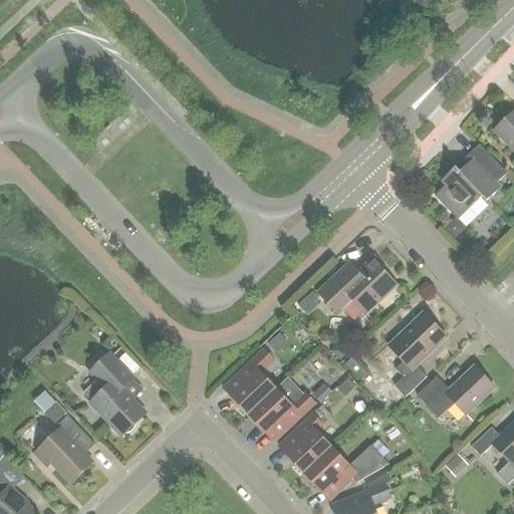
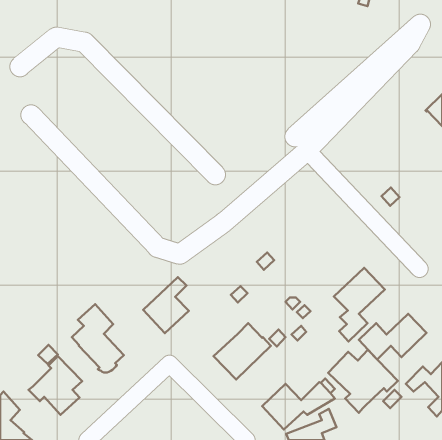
building: [434,148,507,219] -> none
building: [317,259,400,320] -> none
building: [223,348,276,414] -> [143,277,189,333]
building: none -> [328,350,398,413]
building: [278,413,331,472] -> none

